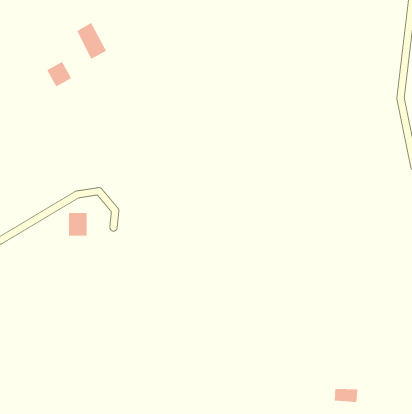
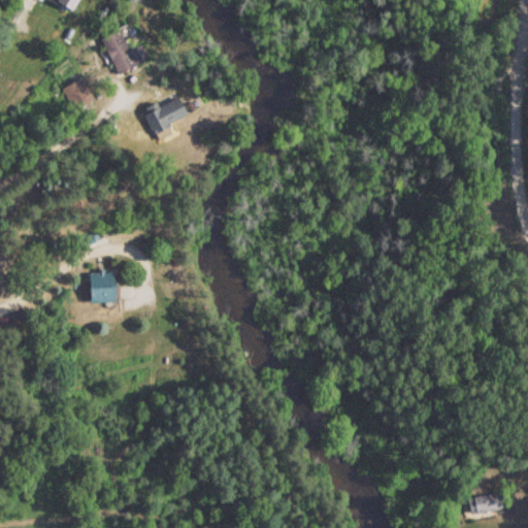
building: none -> [146,99,186,141]
building: [334,388,358,403] -> [469,493,500,512]

